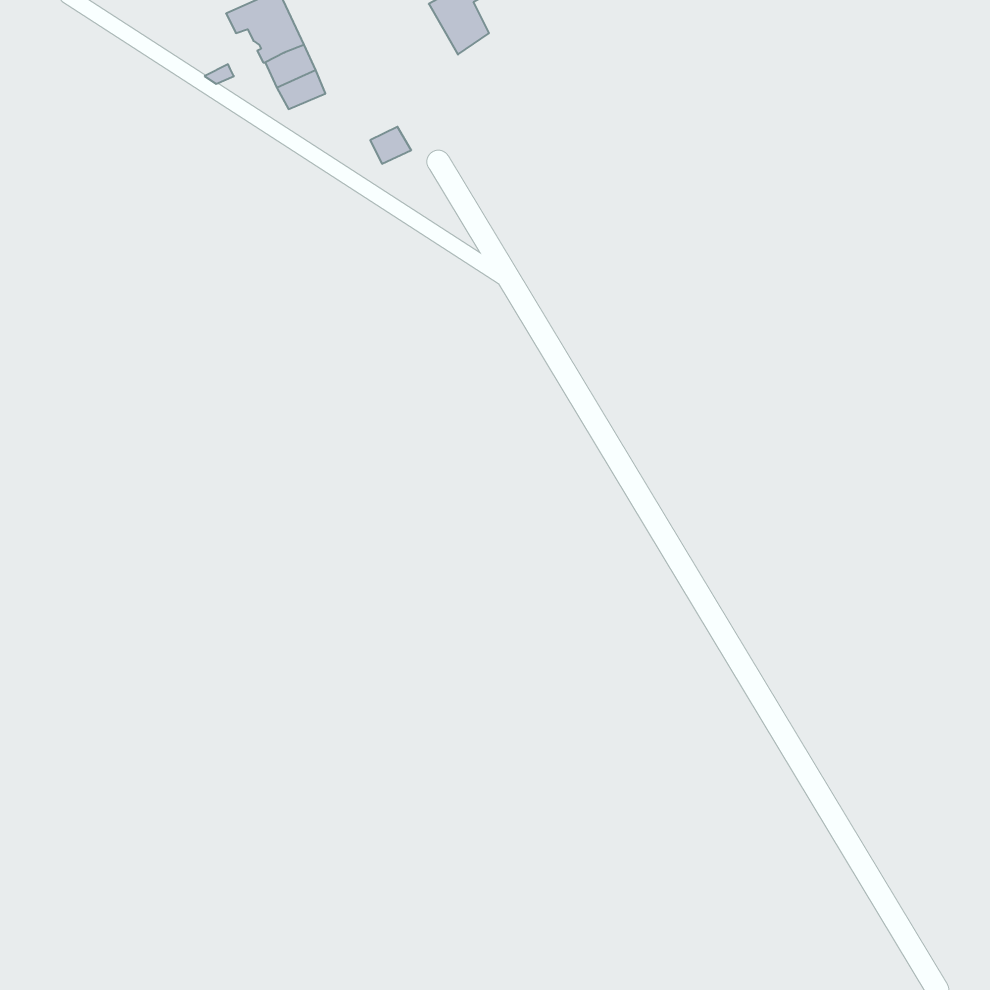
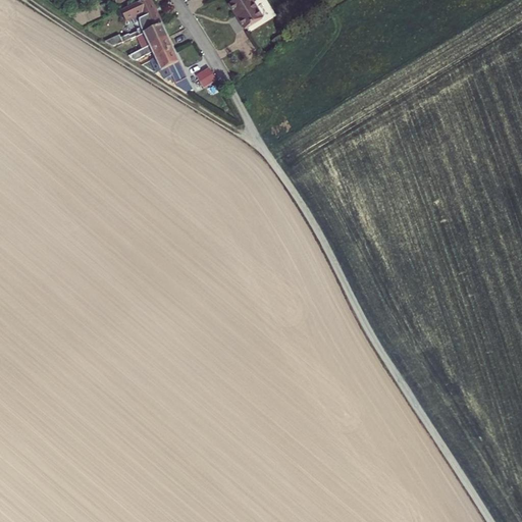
building: none -> [154,49,190,88]

